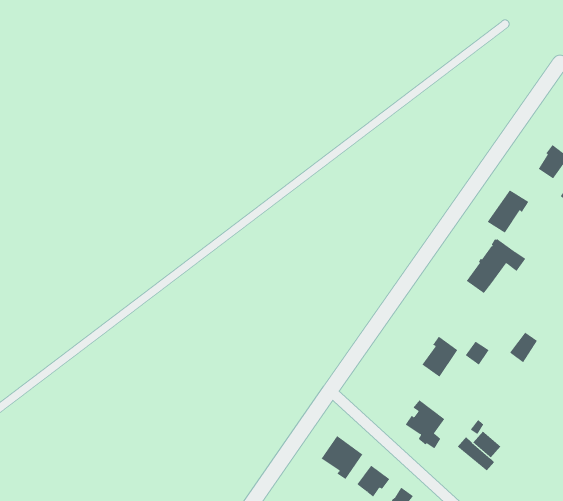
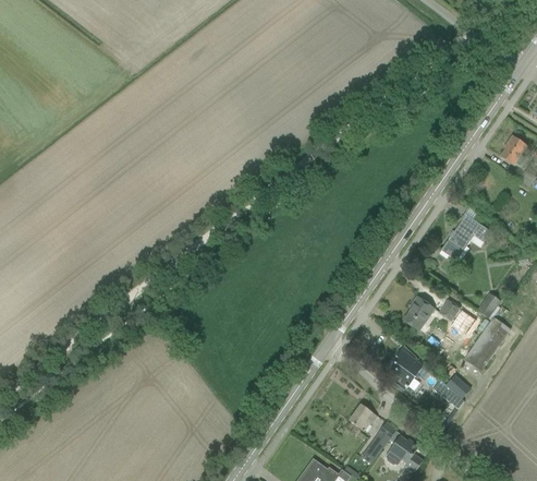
building: [487,189,529,234] -> none
building: none -> [464,317,510,371]
building: [321,435,363,480] -> none

